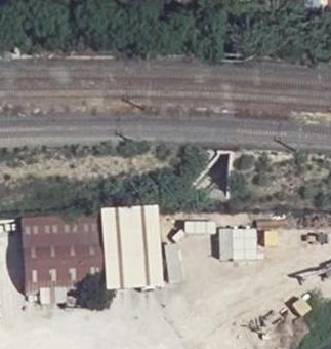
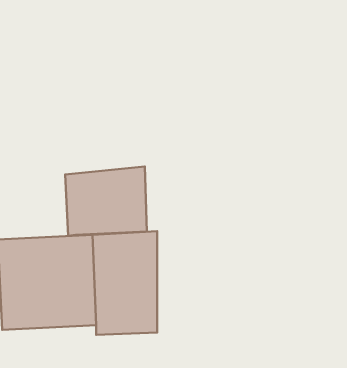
building: none -> [65,167,147,236]

